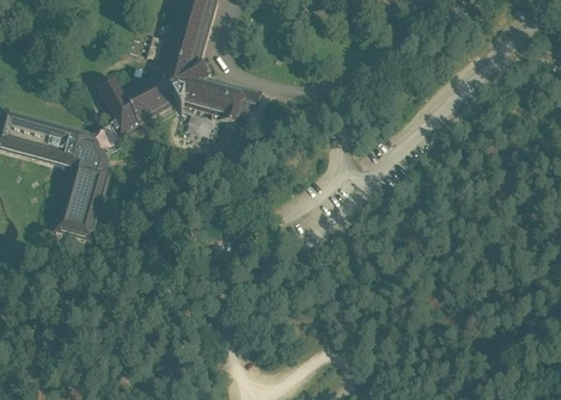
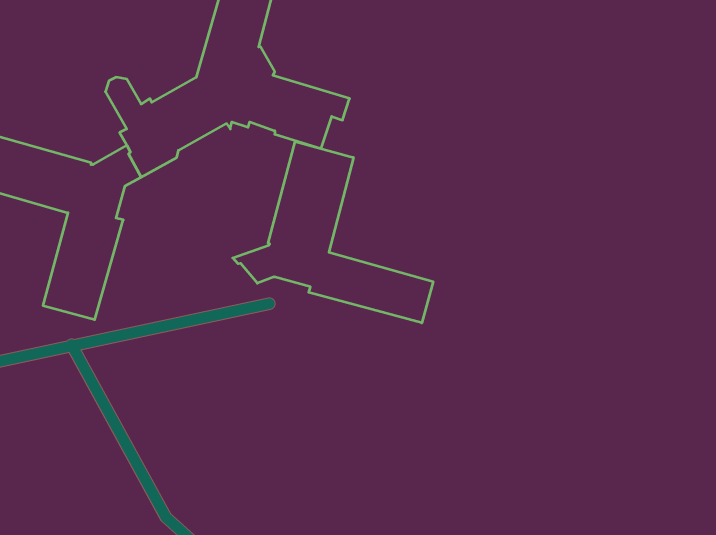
building: none -> [233,141,433,323]

